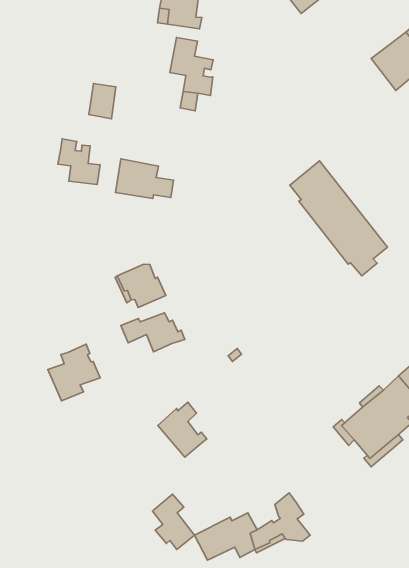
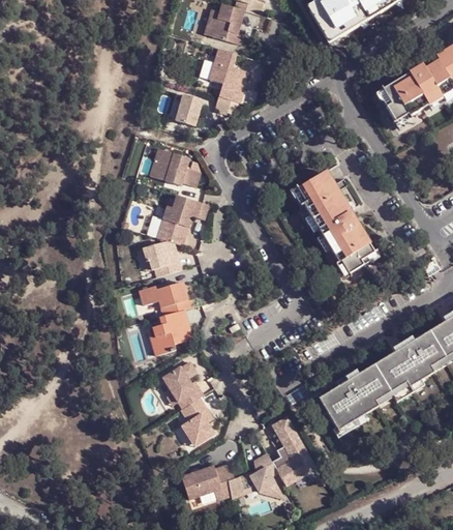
building: [89,83,116,119] -> [176,95,202,127]
building: [58,139,100,184] -> none
building: none -> [156,196,208,245]
building: [48,344,100,401] -> [147,311,190,356]
building: none -> [271,415,312,482]
building: [153,494,195,549] -> [180,398,213,445]

